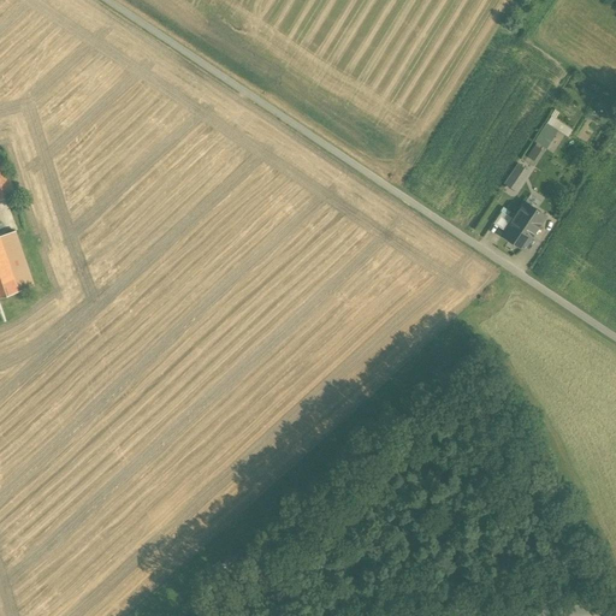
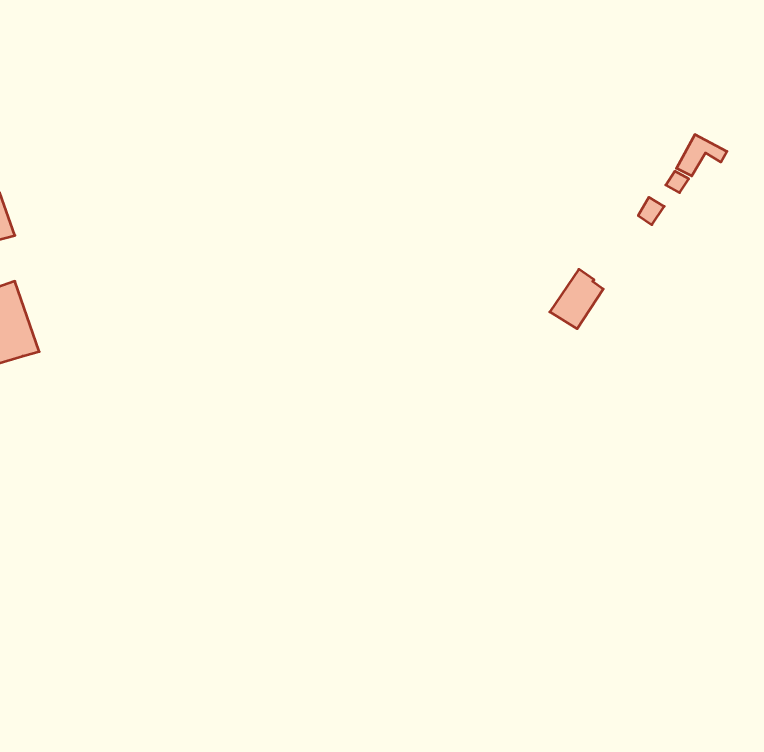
building: [500,202,543,249] -> [550,269,603,329]

